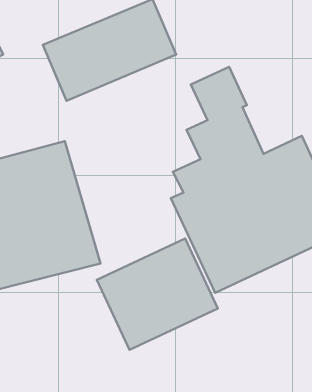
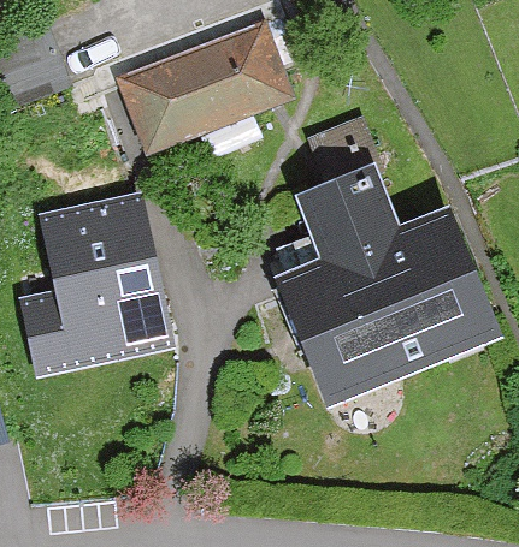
building: [97,238,218,350] -> none

